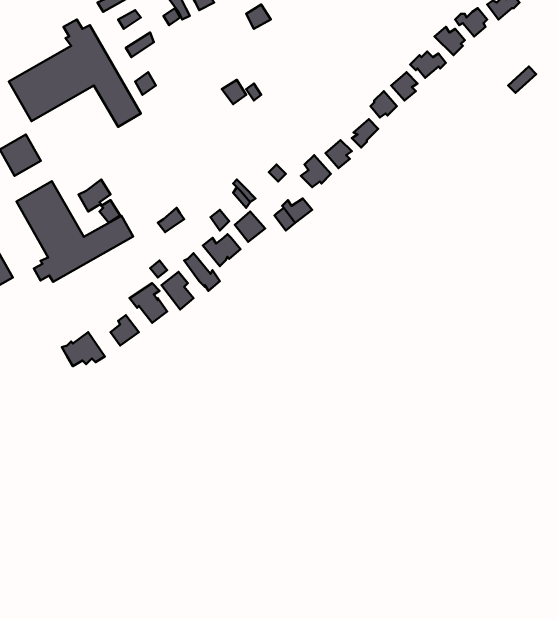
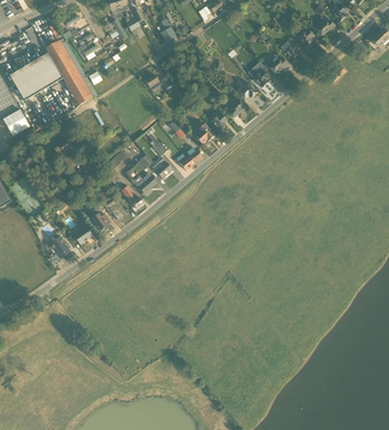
building: [16,181,133,282] -> none

